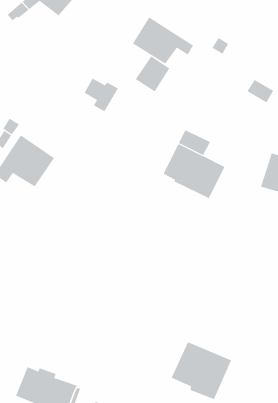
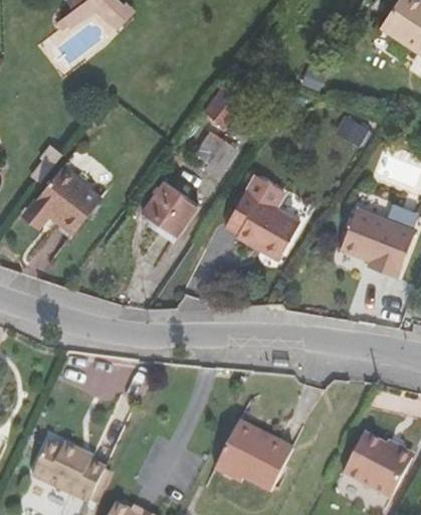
building: [132,17,194,65] -> none
building: [84,78,119,112] -> [193,131,235,173]
building: none -> [142,178,196,232]

